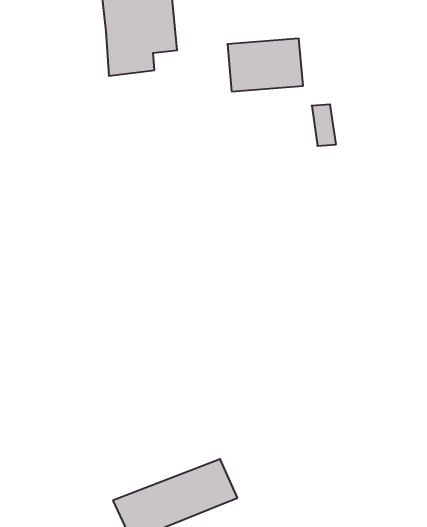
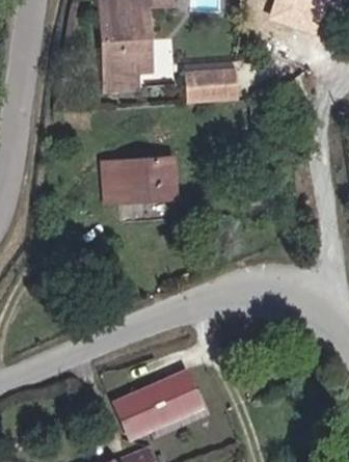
building: none -> [95,156,170,208]

